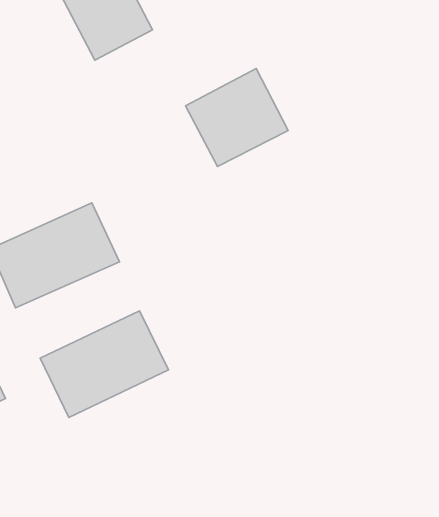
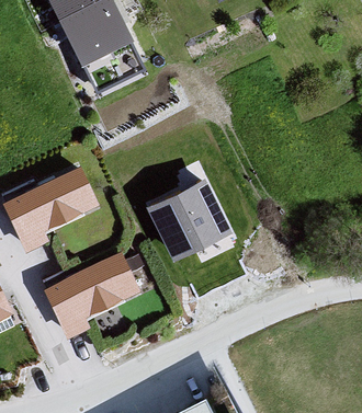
building: [186,68,288,166] -> [149,179,227,253]

